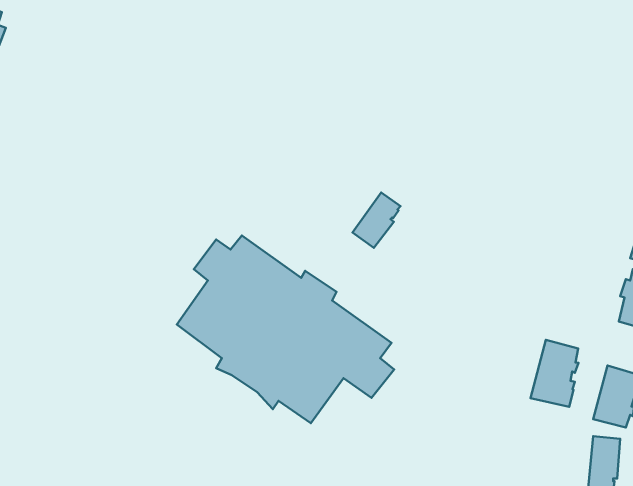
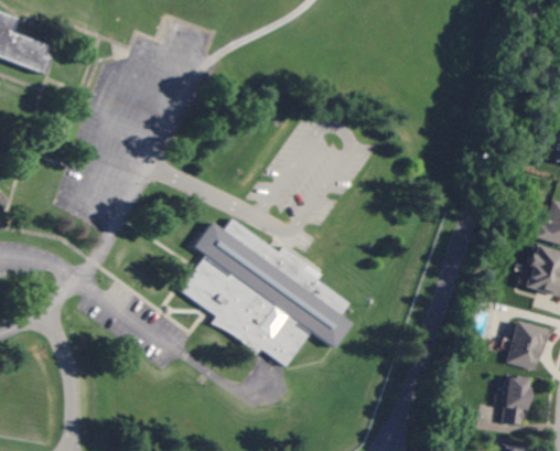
building: [352,193,401,248] -> none
building: [531,340,579,407] -> none

